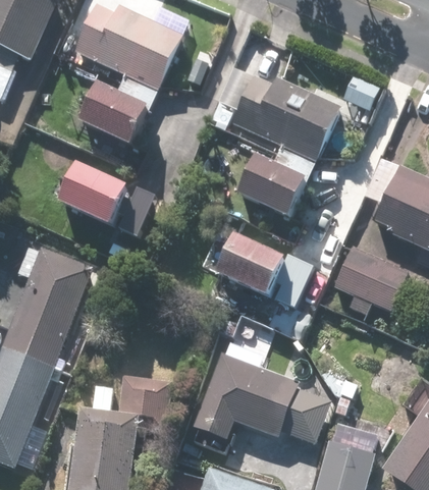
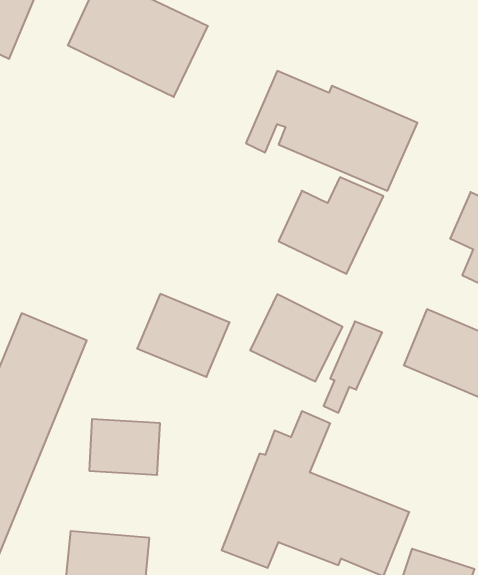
building: [81,72,158,146] -> none
building: [59,165,128,227] -> [137,294,230,377]
building: [118,375,171,417] -> [89,419,160,475]

